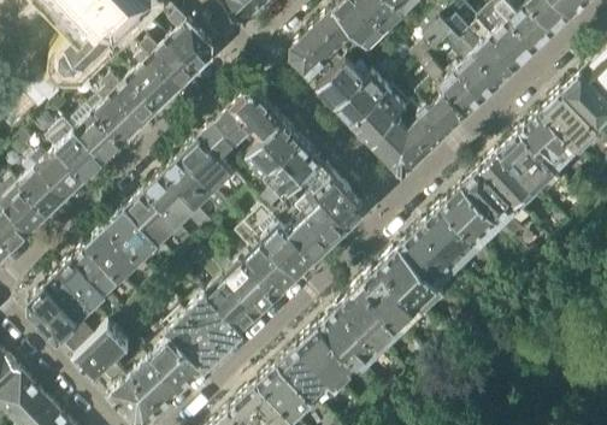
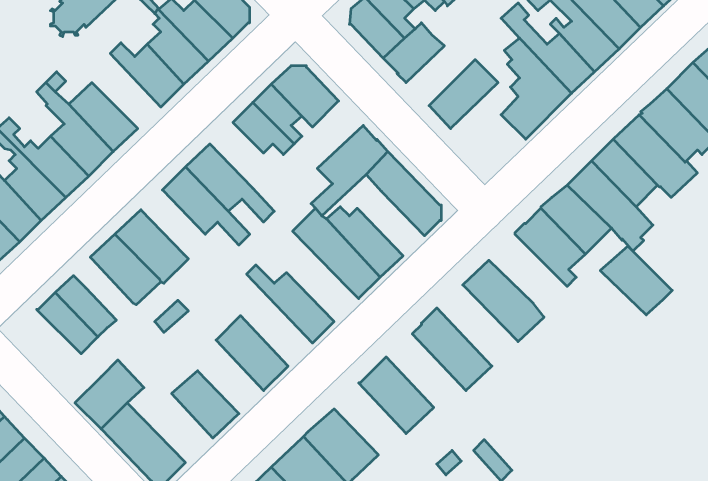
building: [335,73,389,128] -> none
building: [88,85,142,144] -> none
building: [370,105,429,172] -> none
building: [247,123,301,176] -> none
building: [181,140,232,191] -> none
building: [126,193,195,253] -> none
building: [299,194,349,244] -> none
building: [237,225,297,296] -> none
building: [399,228,455,282] -> [600,246,672,315]
building: [73,247,120,295] -> none
building: [200,259,261,331] -> none
building: [359,267,423,331] -> none
building: [30,287,95,360] -> none
building: [319,306,382,370] -> none
building: [166,311,223,368] -> none
building: [278,344,340,401] -> none
building: [129,353,183,407] -> none

